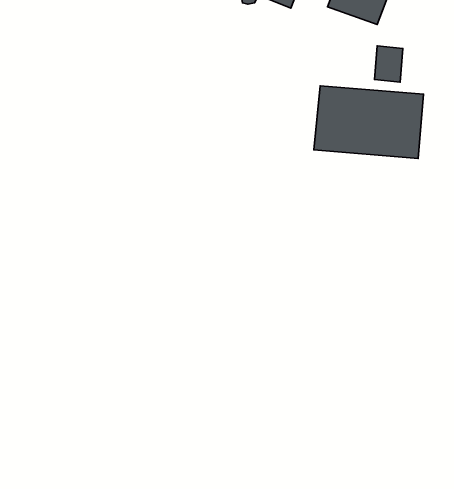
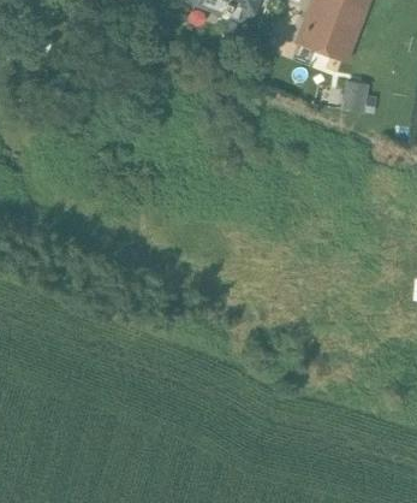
building: [314,86,423,158] -> none

